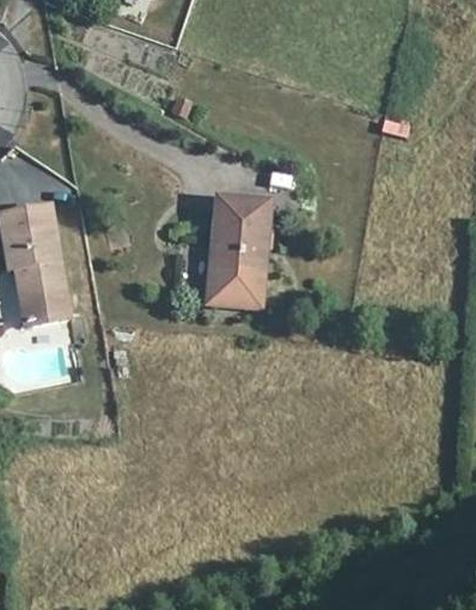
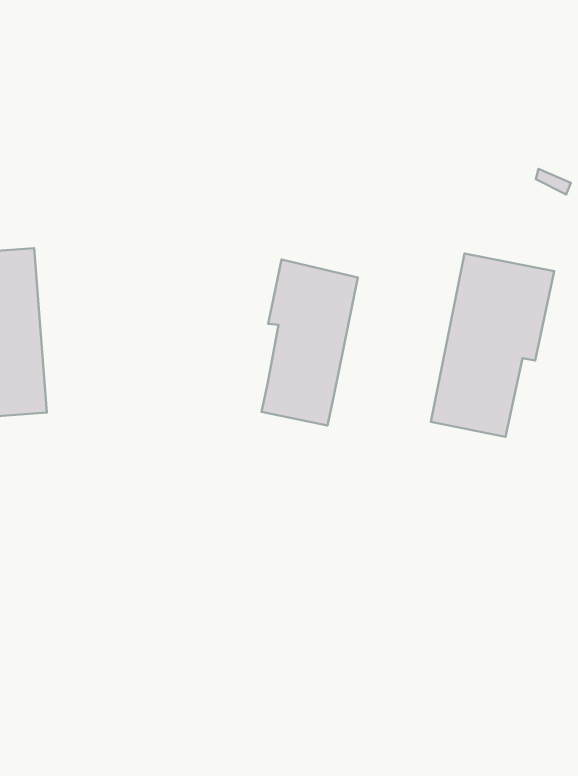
building: none -> [431,254,554,437]

